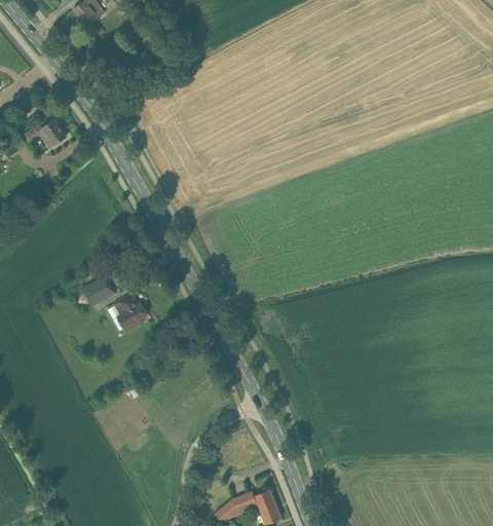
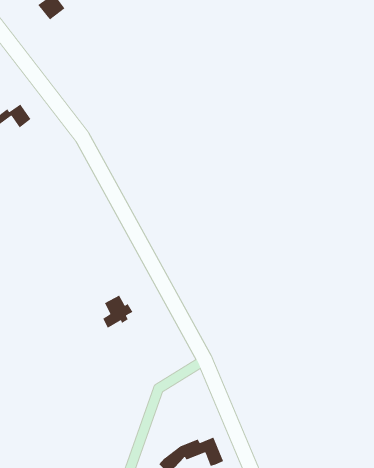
building: [81,274,115,306] -> none
building: [112,294,147,332] -> [102,295,133,329]

